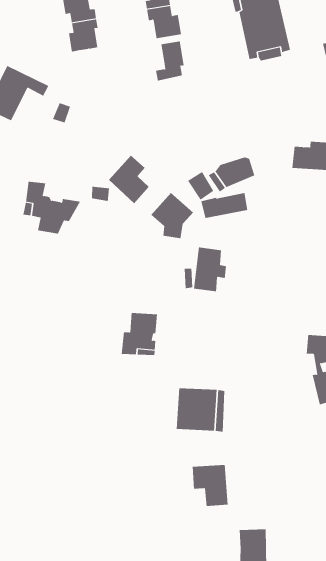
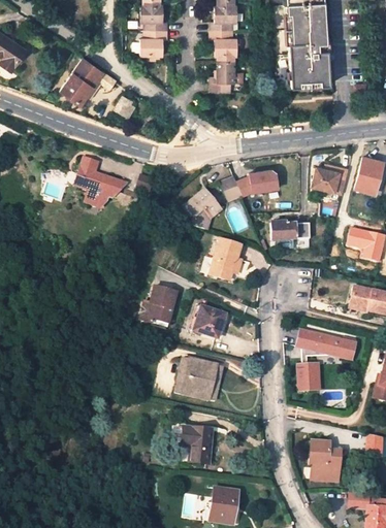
building: [108,155,149,204] -> none
building: [201,192,248,219] -> [271,223,311,239]
building: none -> [189,304,225,338]

